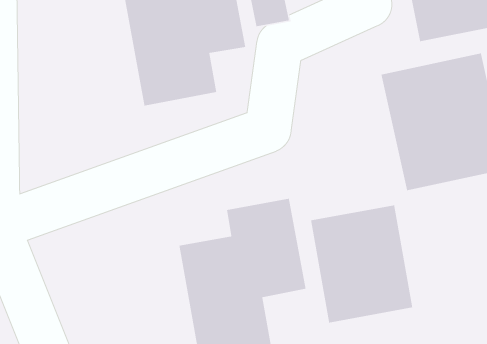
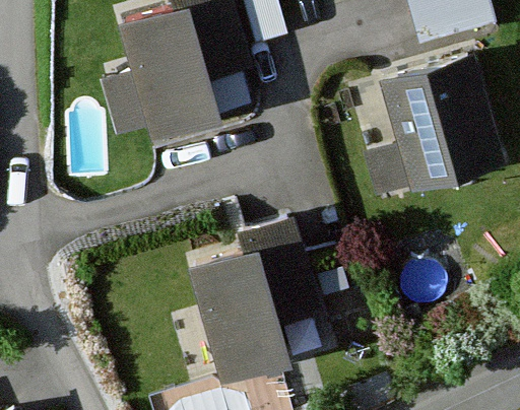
building: [310,204,413,323] -> none

